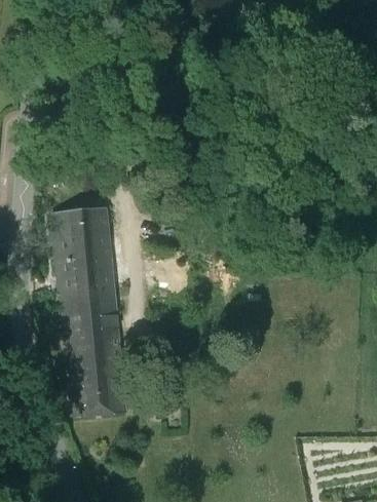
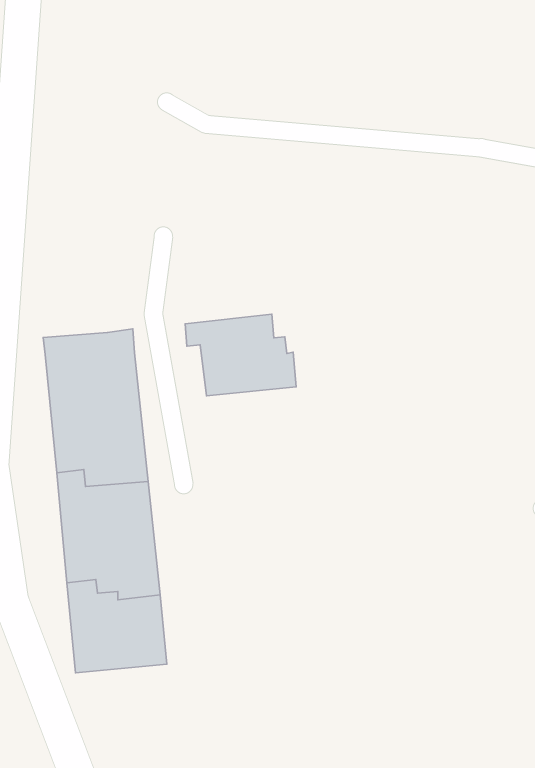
building: none -> [185,314,296,396]

